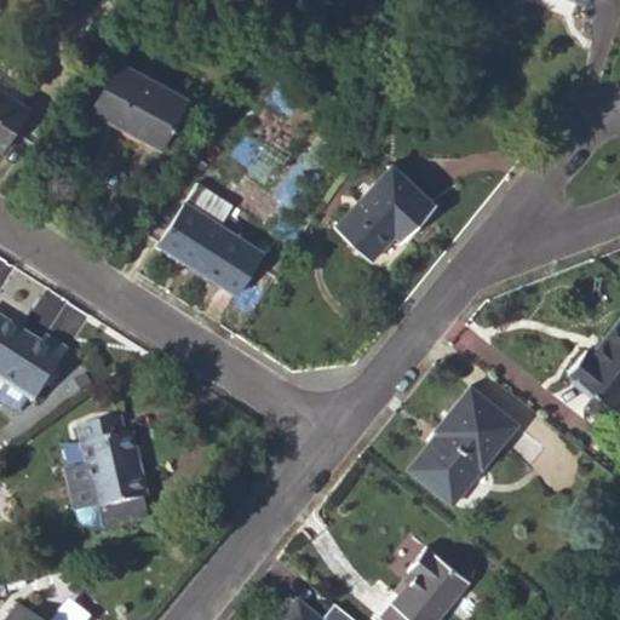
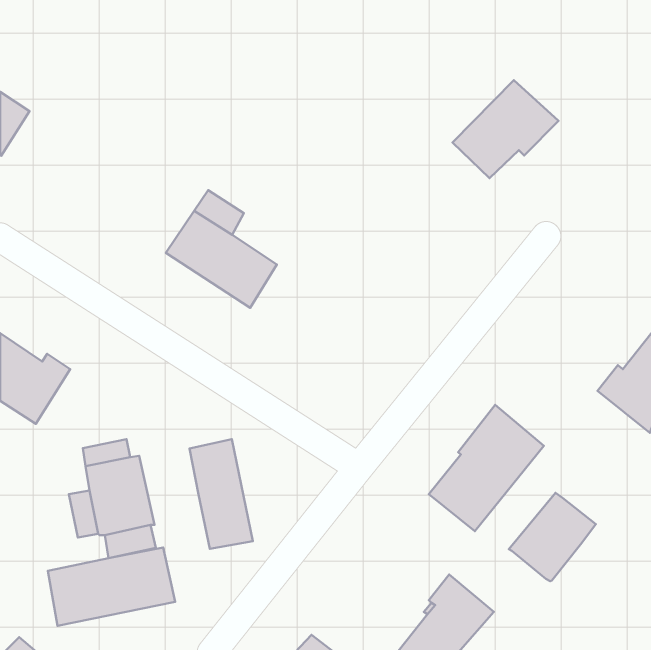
building: [92,63,189,154] -> none
building: [335,166,436,259] -> [453,80,558,178]
building: none -> [189,439,253,549]
building: none -> [509,493,596,581]
building: none -> [48,547,175,626]

